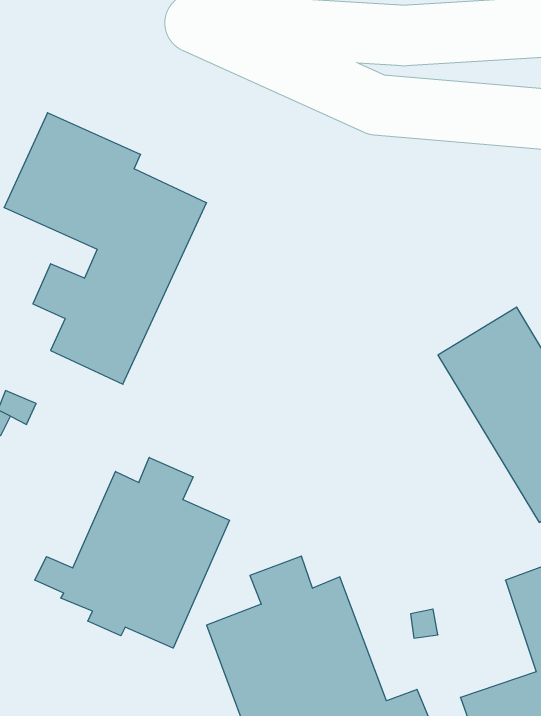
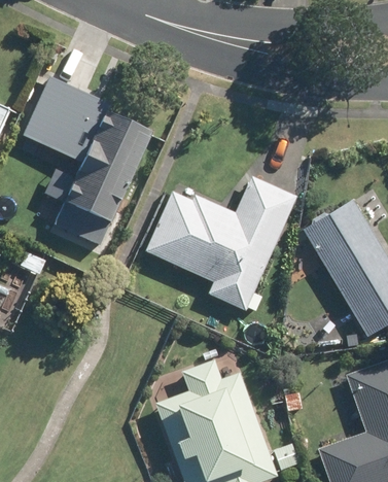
building: none -> [143,176,294,311]
building: [35,457,229,648] -> none

